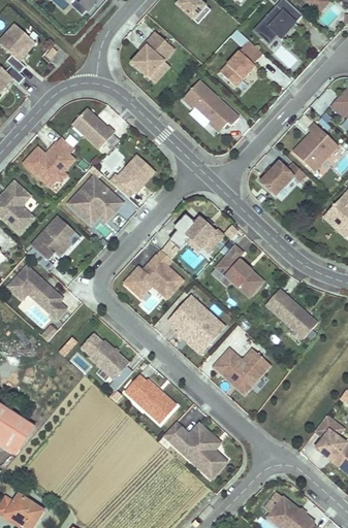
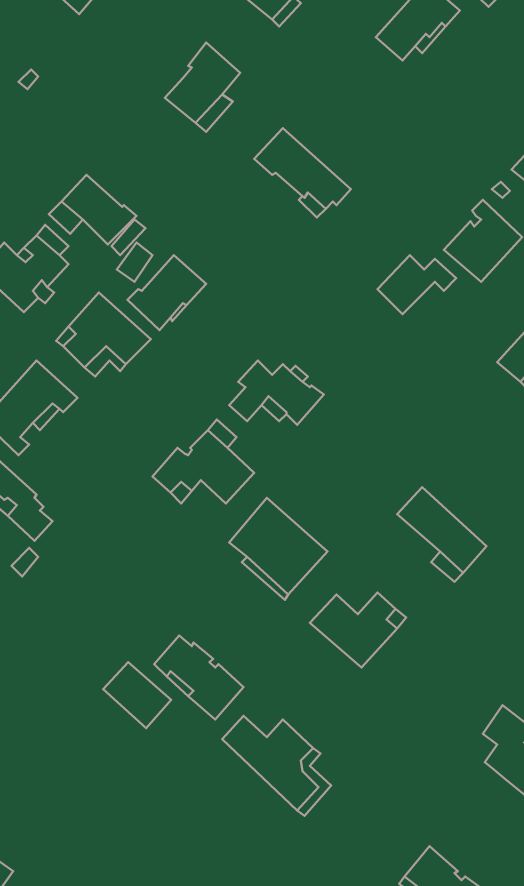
building: [219,40,262,86] -> none
building: [210,244,262,297] -> none
building: [90,340,129,378] -> [103,662,171,728]

